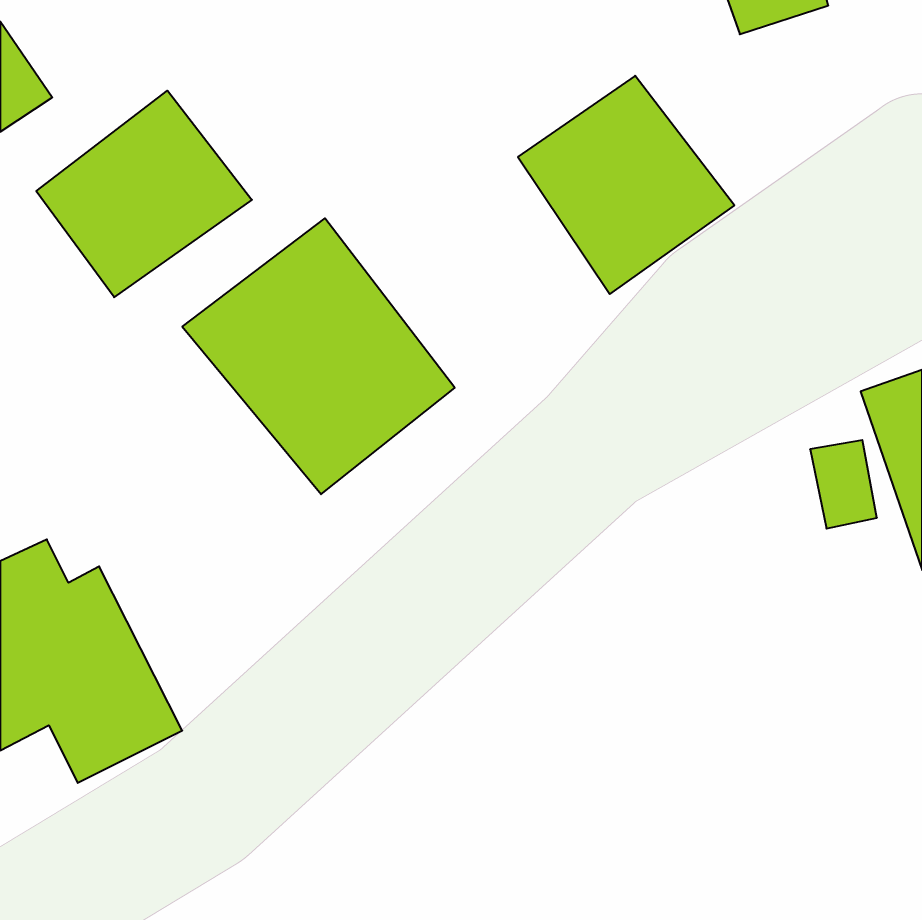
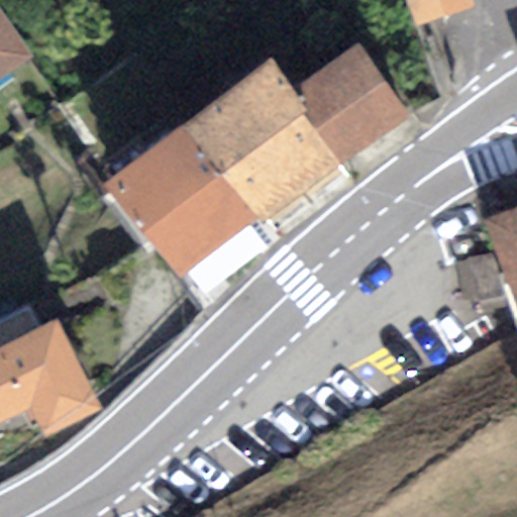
building: [36,91,252,297] -> none
building: none -> [182,57,341,224]

